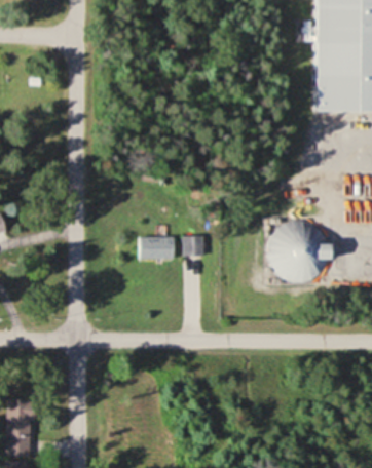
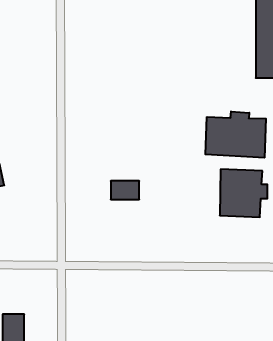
building: none -> [205,111,266,158]
building: [182,235,203,255] -> none

